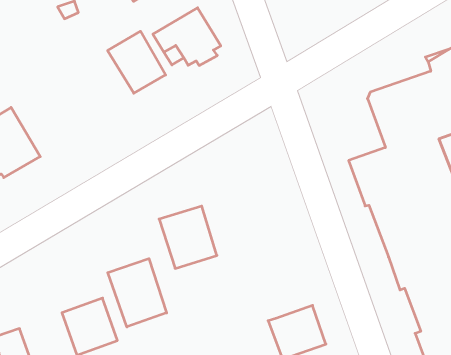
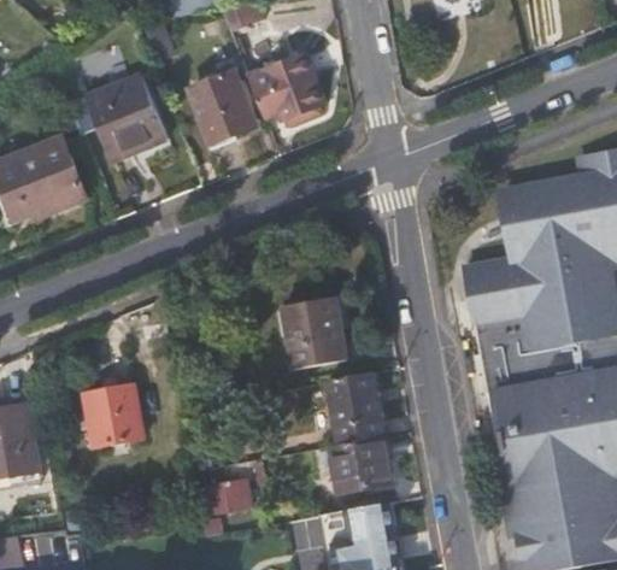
building: none -> [69,74,169,163]
building: [159,206,217,268] -> [284,298,347,368]
building: none -> [328,371,387,443]
building: [108,259,167,327] -> none

